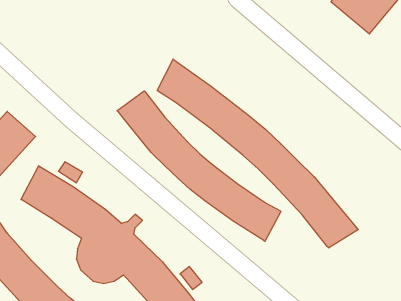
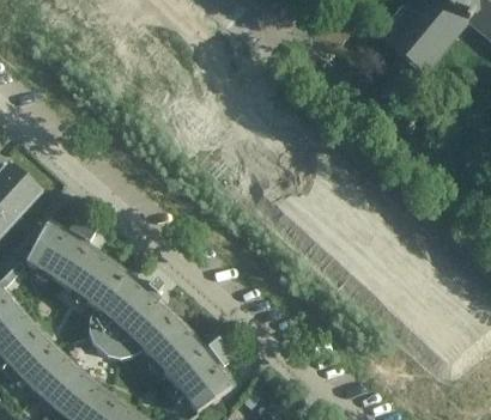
building: [157,59,358,248] -> none
building: [117,91,281,241] -> none

